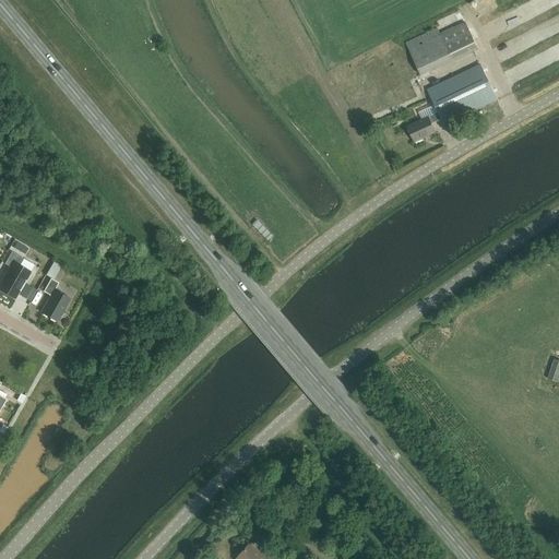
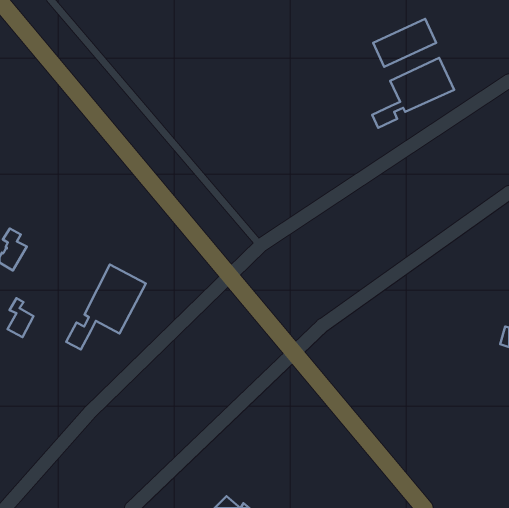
building: [40,277,69,320] -> [8,298,33,337]
building: none -> [66,264,146,350]

